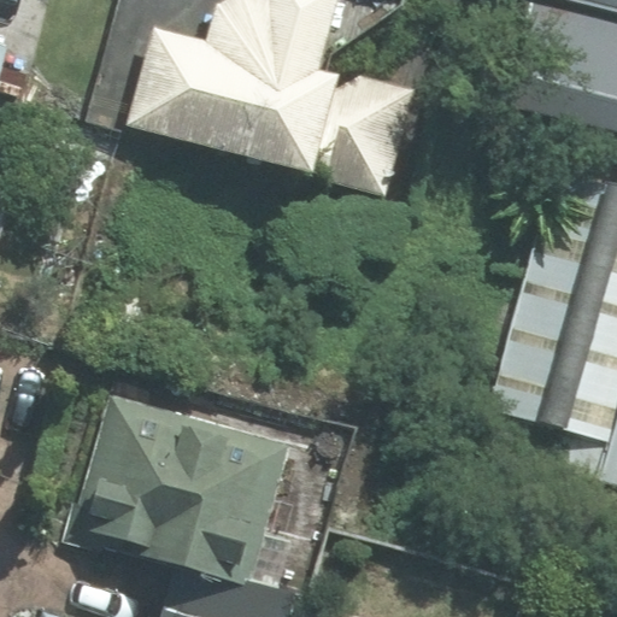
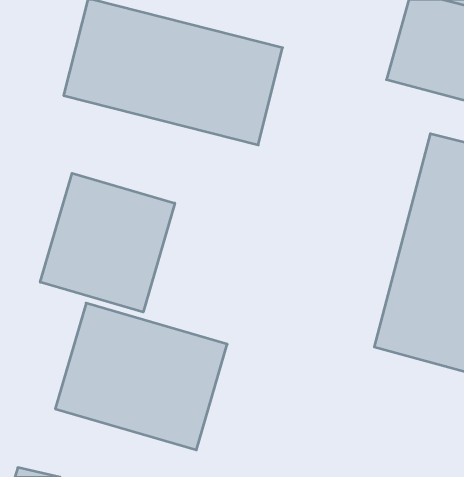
building: none -> [40,173,175,312]

